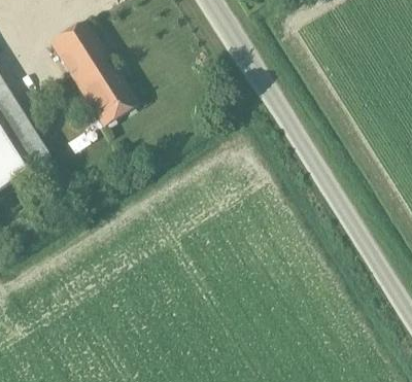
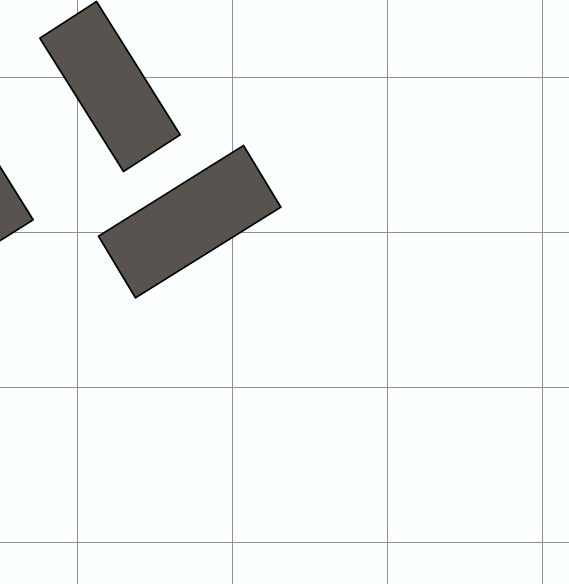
building: none -> [98,145,281,298]

